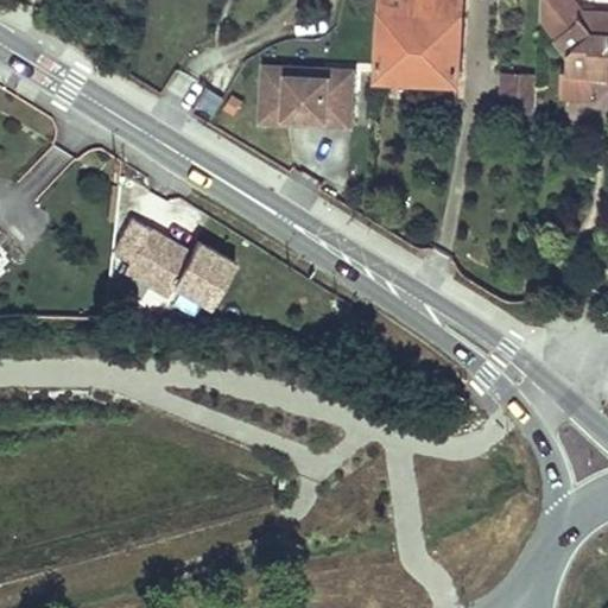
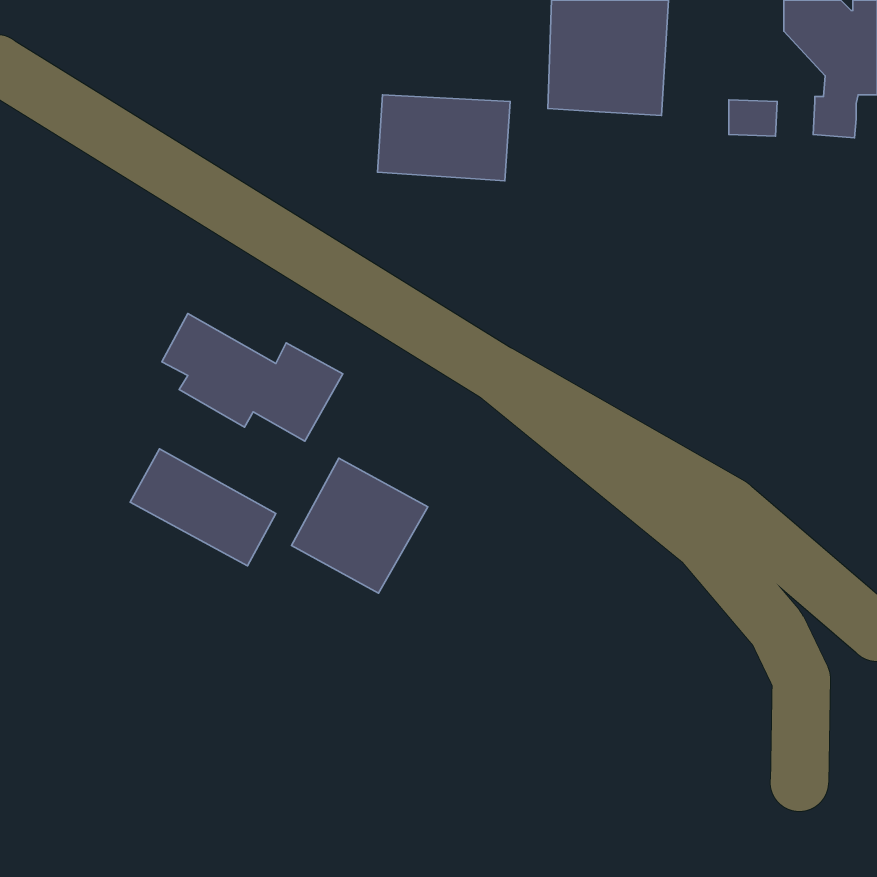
building: none -> [130,449,276,566]
building: none -> [291,458,428,593]

